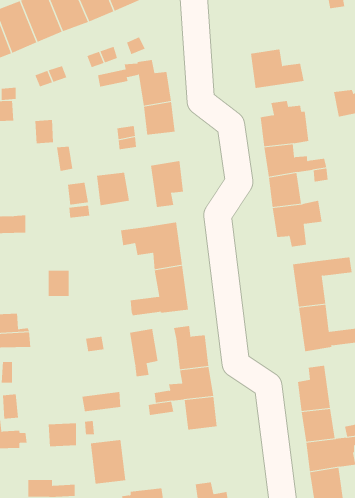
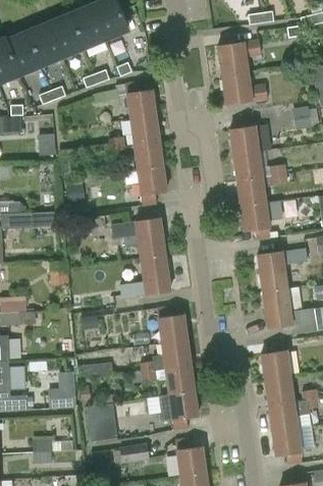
building: none -> [217,40,261,75]
building: [96,172,130,206] -> [133,142,162,170]
building: [130,328,158,377] -> none
building: none -> [159,391,198,430]

